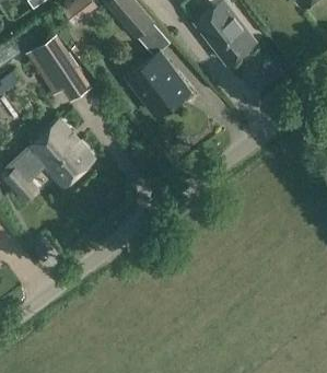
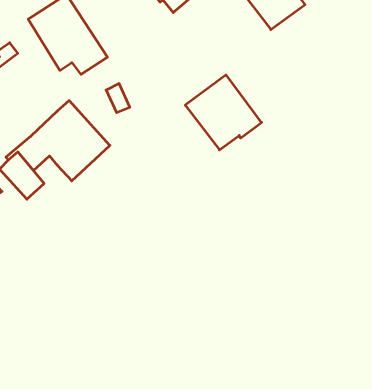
building: [127,51,190,114] -> [185,75,262,150]

